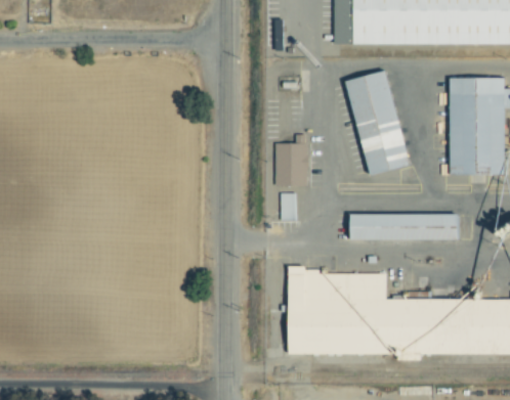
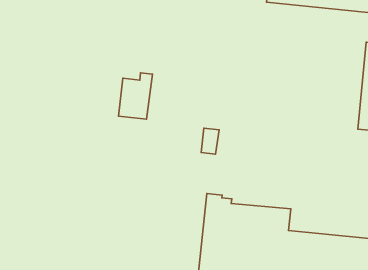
building: [345,70,410,175] -> none
building: [272,135,305,186] -> [119,73,152,119]
building: [350,214,459,241] -> none

